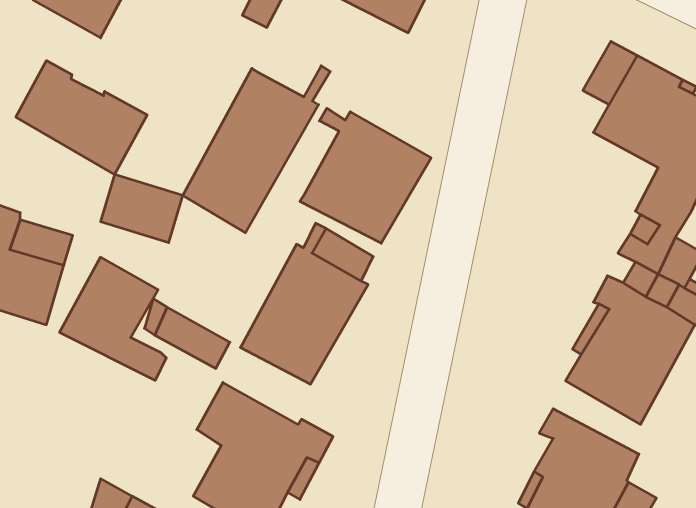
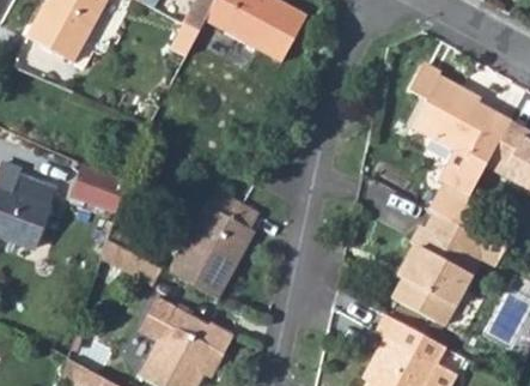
building: [16,61,147,174] -> none
building: [183,66,330,233] -> none
building: [300,108,431,243] -> none
building: [60,257,166,380] -> none

